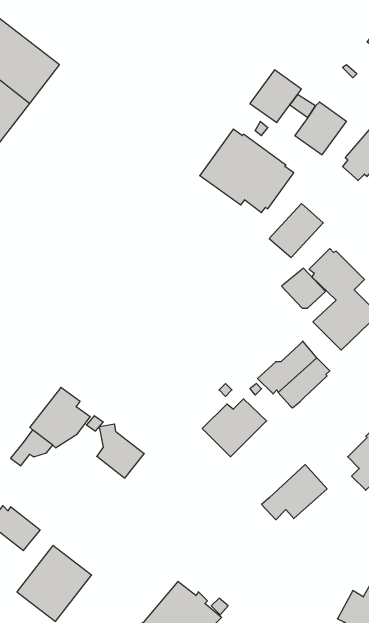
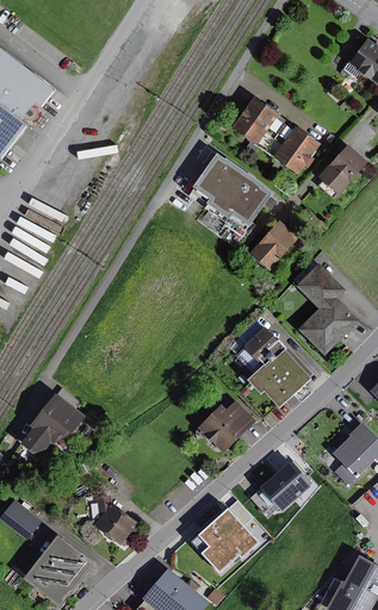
building: [282,268,325,308] -> [242,328,283,365]
building: [97,424,144,478] -> [92,496,136,546]
building: none -> [190,500,256,573]

